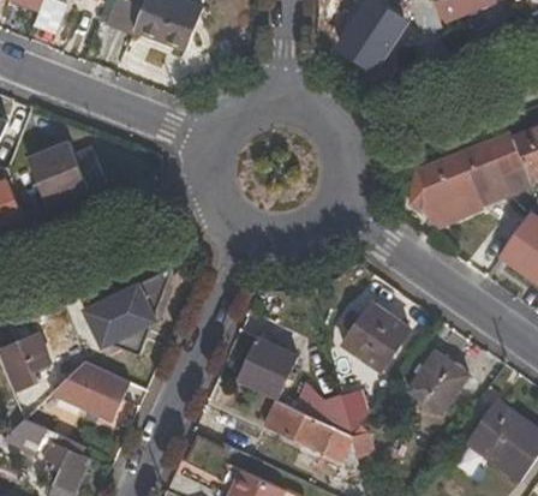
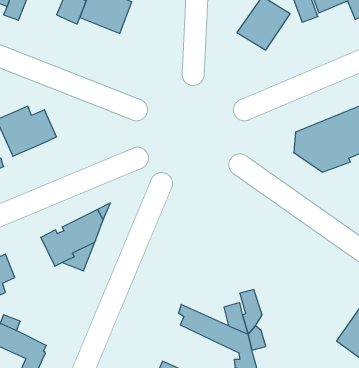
building: [343,304,406,367] -> none
building: [237,335,297,396] -> none
building: [408,349,467,411] -> none
building: [50,359,128,420] -> none

